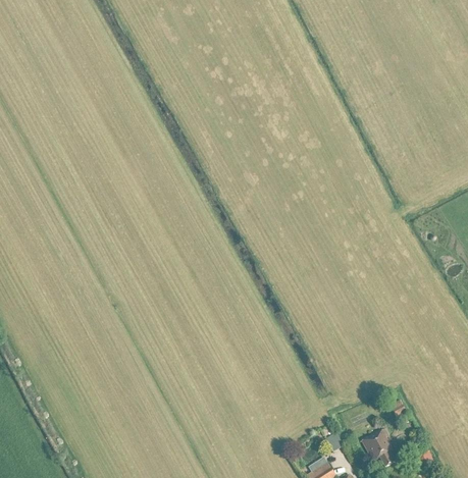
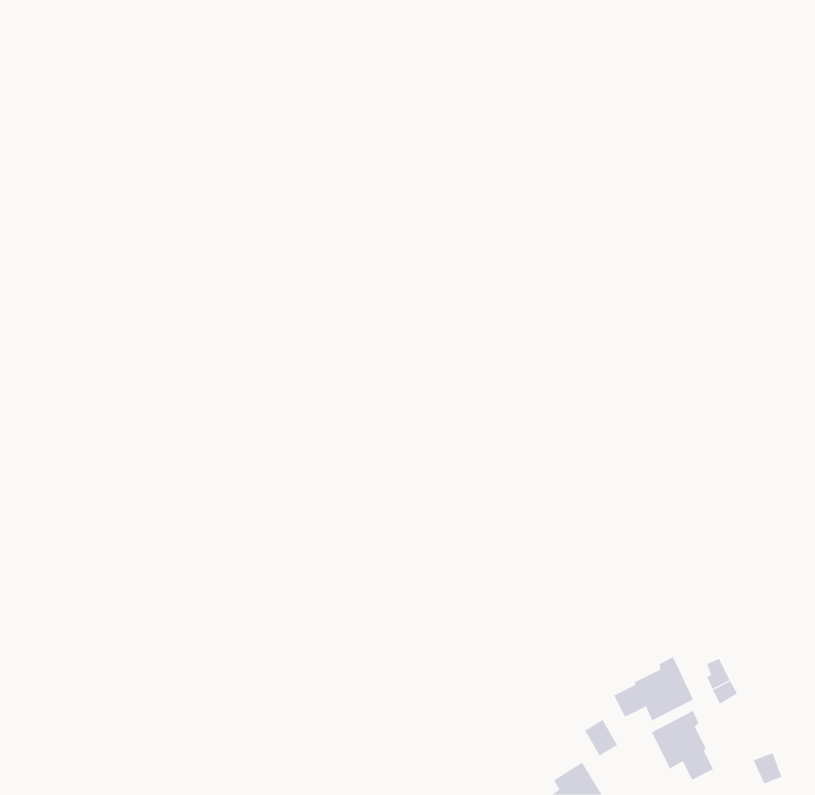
building: none -> [614,656,694,721]

